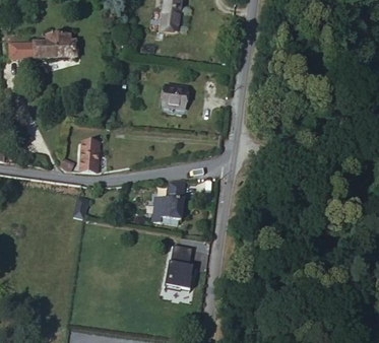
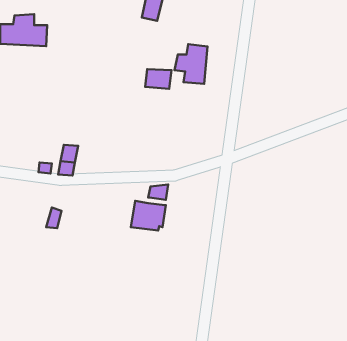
building: none -> [175,44,207,84]
building: [167,251,195,295] -> none

